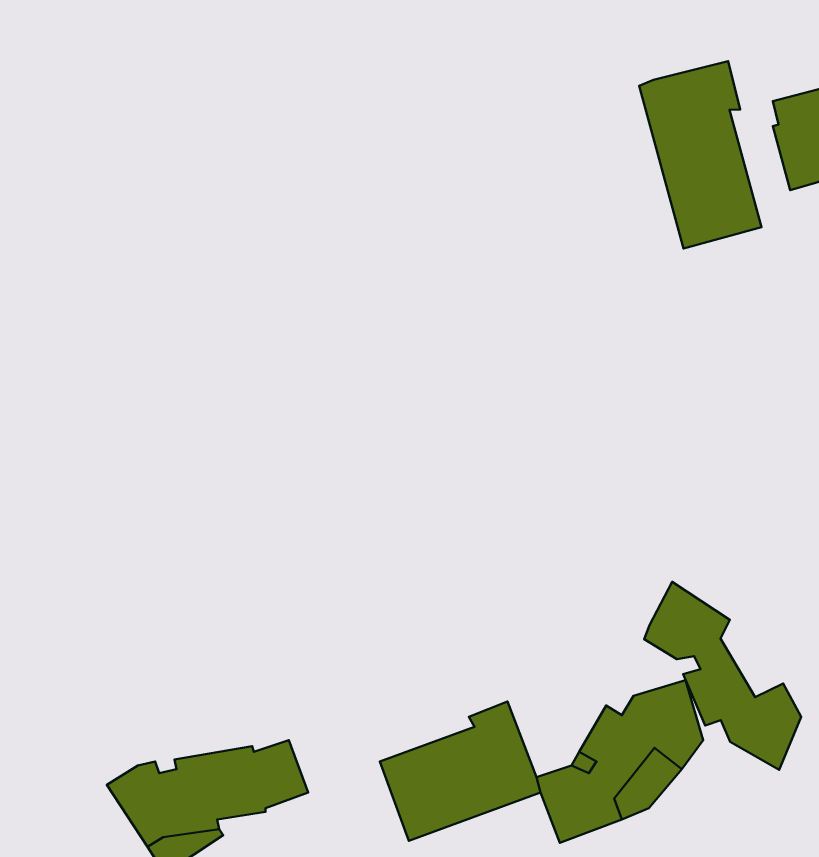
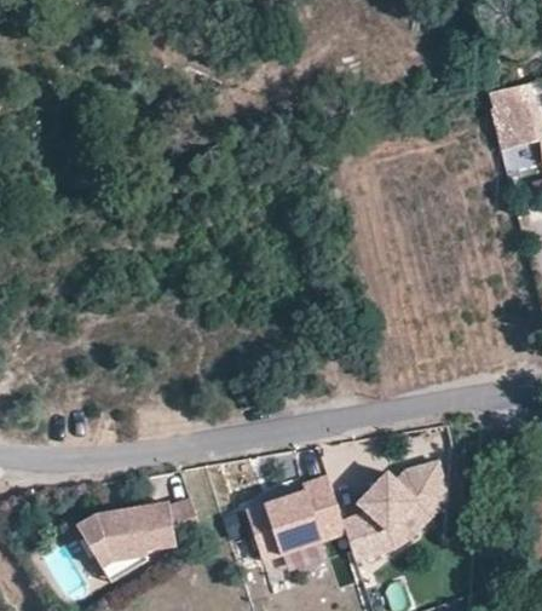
building: [639,61,761,249] -> none
building: [644,582,801,770] -> none

